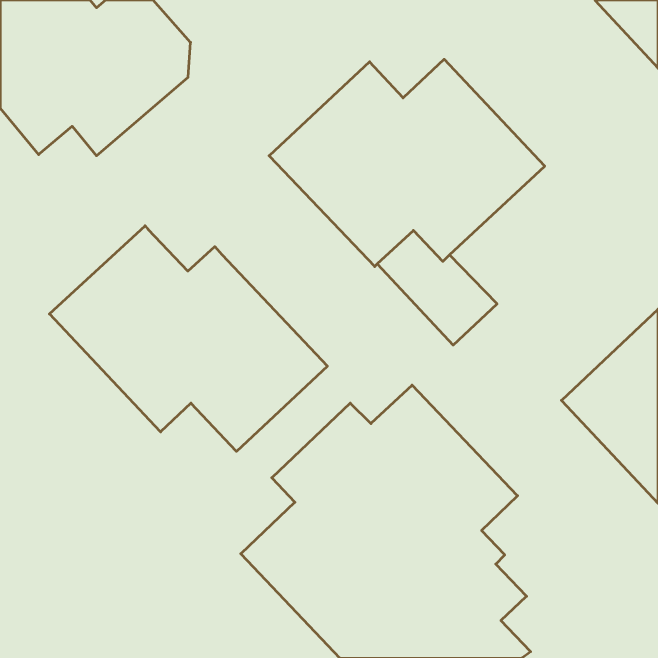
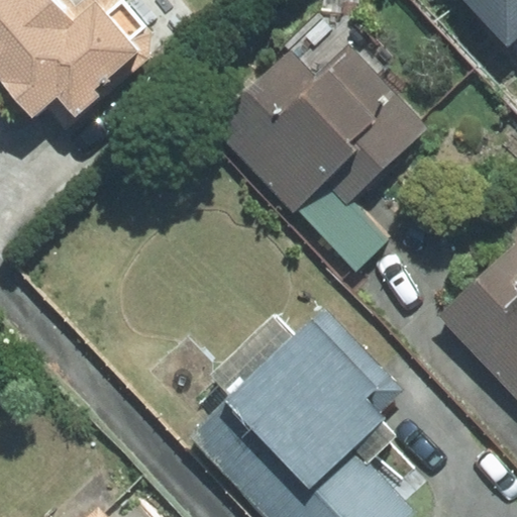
building: [49,226,327,451] -> none

